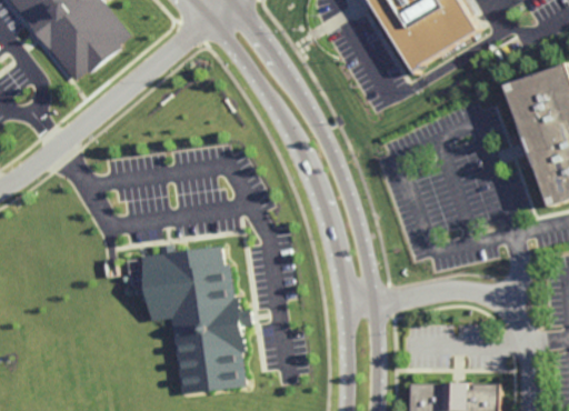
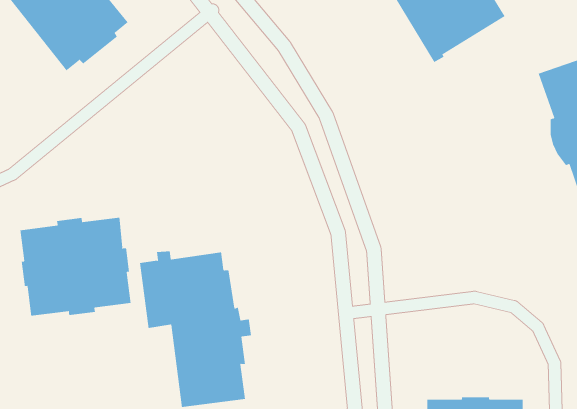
building: none -> [20,217,131,317]

